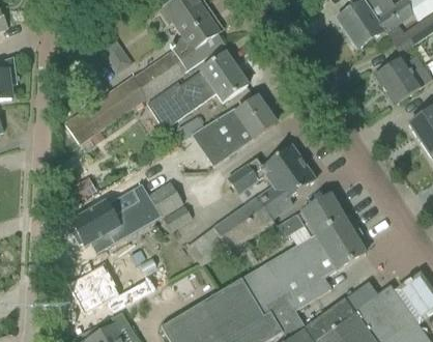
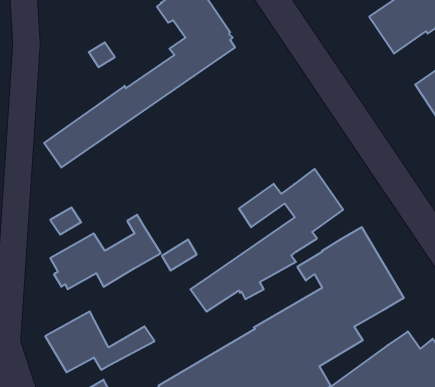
building: [147,52,249,130] -> none
building: [191,96,278,166] -> none
building: [149,181,183,216] -> none

